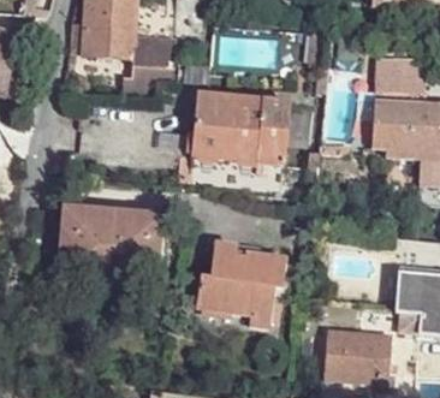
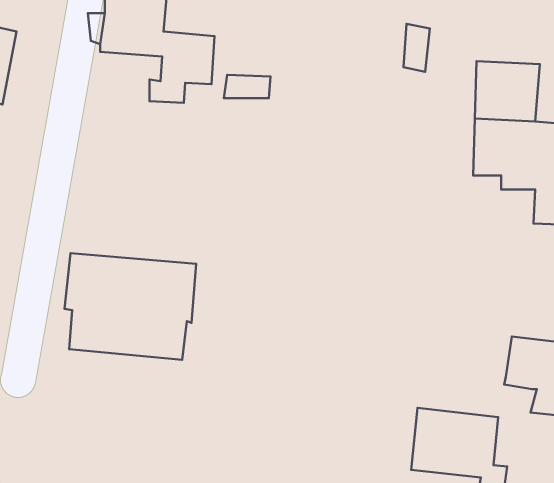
building: [202,99,295,164] -> none
building: [194,239,284,326] -> none

